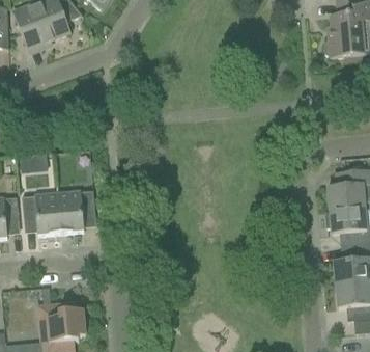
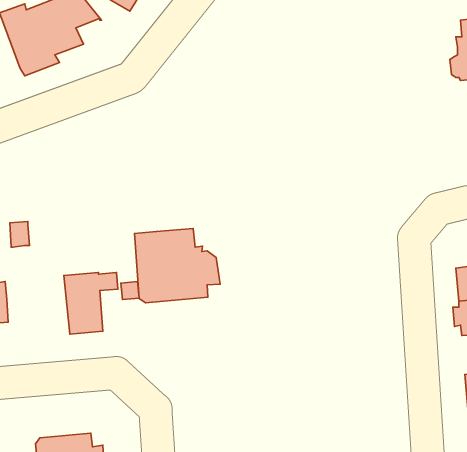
building: none -> [135,228,220,303]
building: [22,192,61,235] -> none

